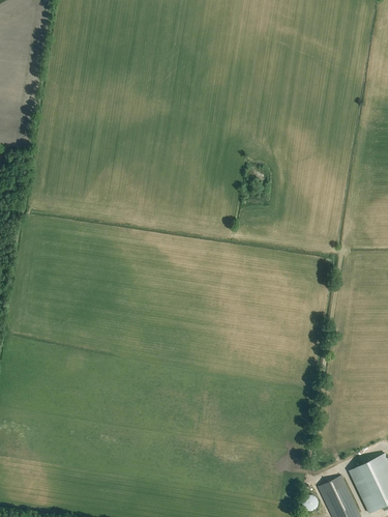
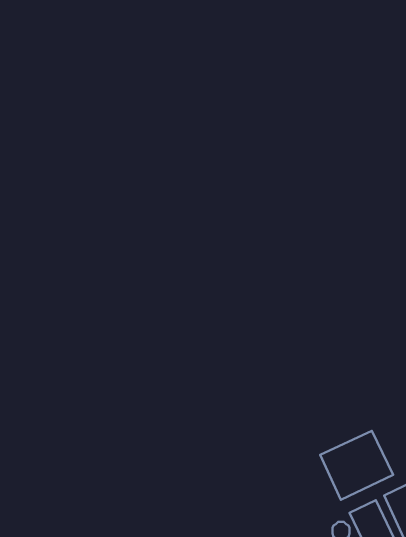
building: none -> [320,431,393,500]

